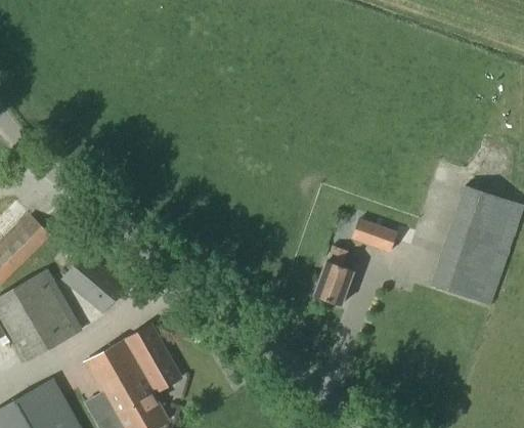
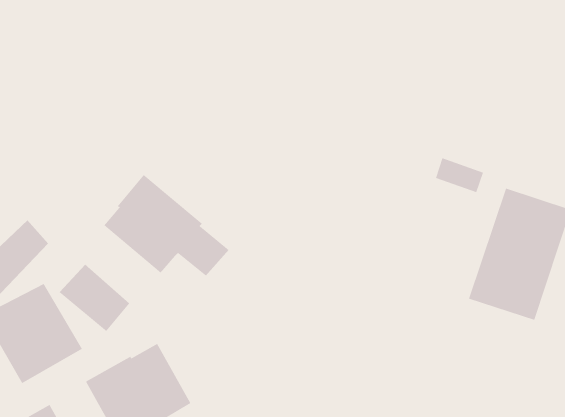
building: none -> [104,174,229,277]
building: [352,219,396,251] -> [435,158,484,193]
building: [313,245,353,306] -> none

